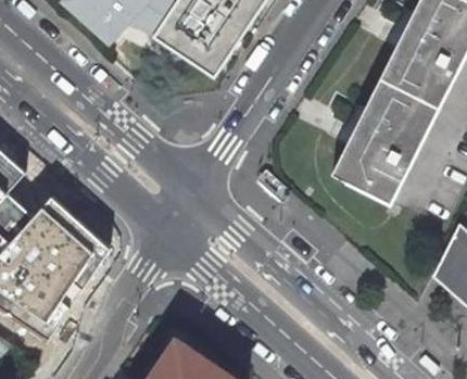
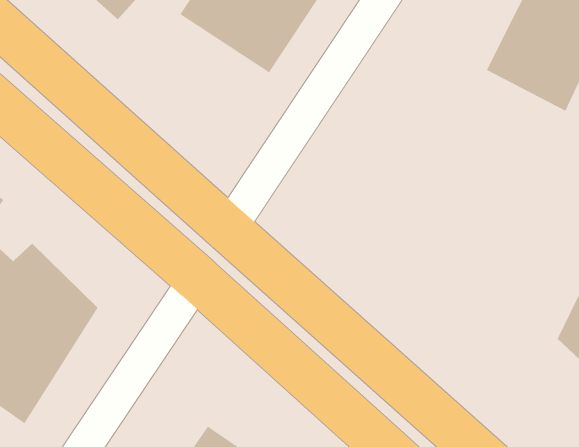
building: [332,77,440,204] -> none

